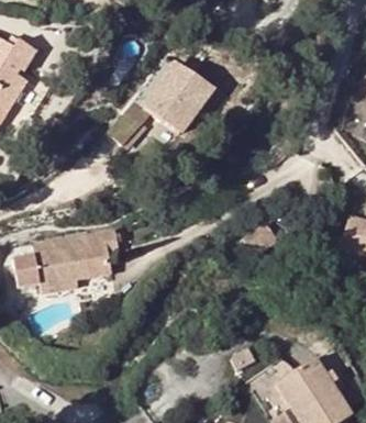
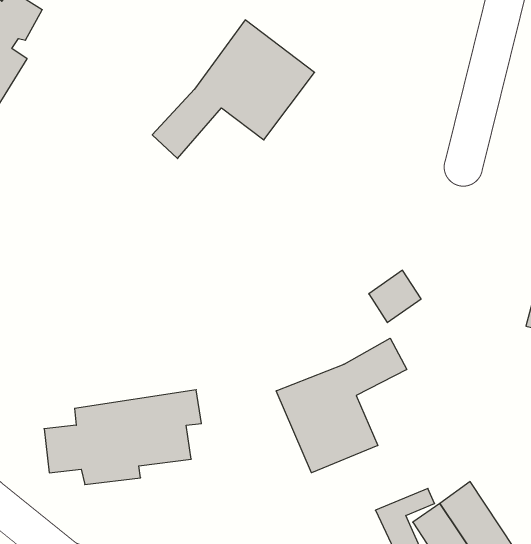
building: [15,227,118,289] -> [44,390,201,485]
building: none -> [276,338,407,473]

